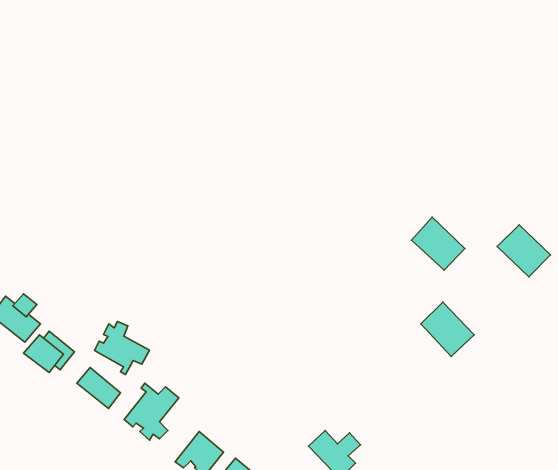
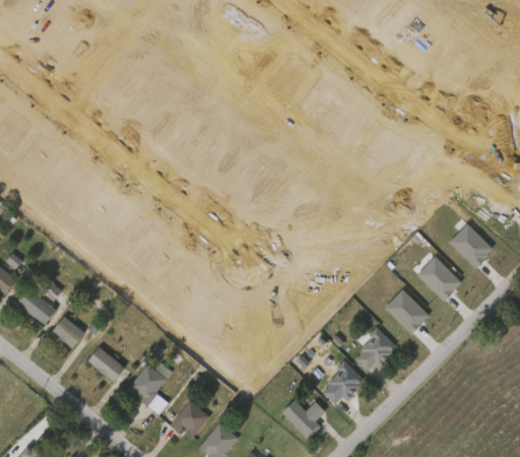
building: [412,217,465,270] -> [409,259,454,304]
building: [94,321,149,375] -> none
building: none -> [356,327,398,372]
building: none -> [324,360,366,404]

